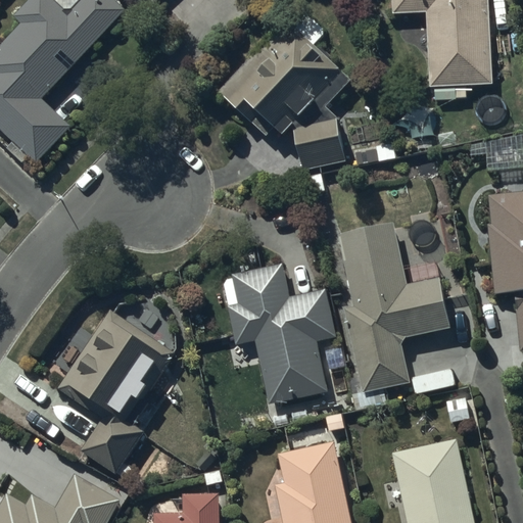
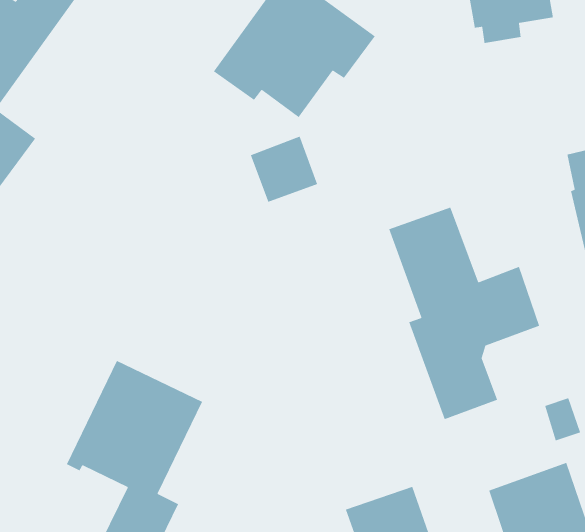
building: [293,120,344,170] -> [250,135,318,203]
building: [223,263,335,403] -> none

